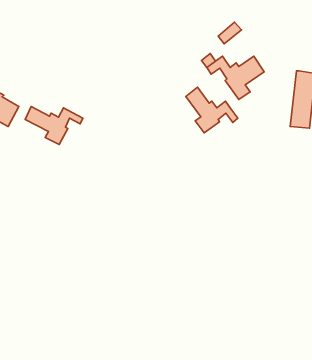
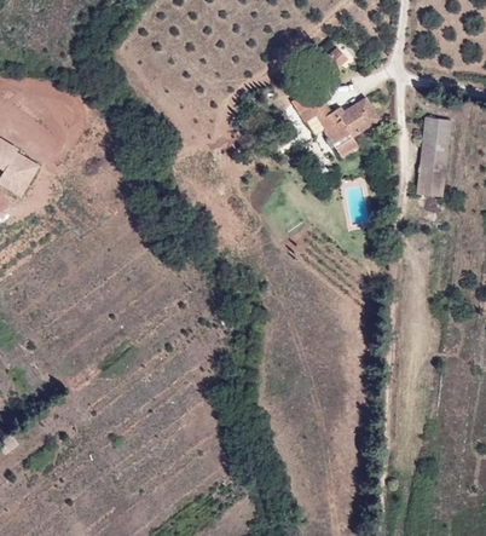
building: [186,87,238,133] -> none
building: [25,106,83,145] -> none

